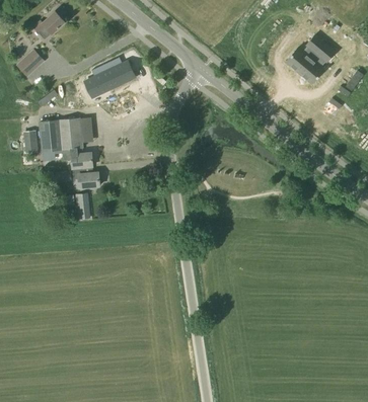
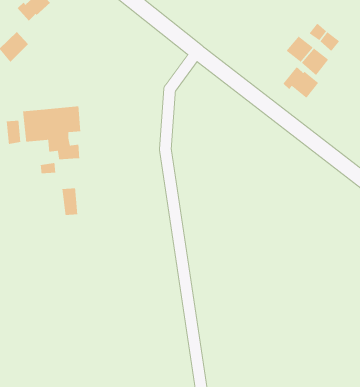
building: [86,62,134,96] -> none
building: none -> [283,66,319,99]
building: [72,166,99,187] -> none

